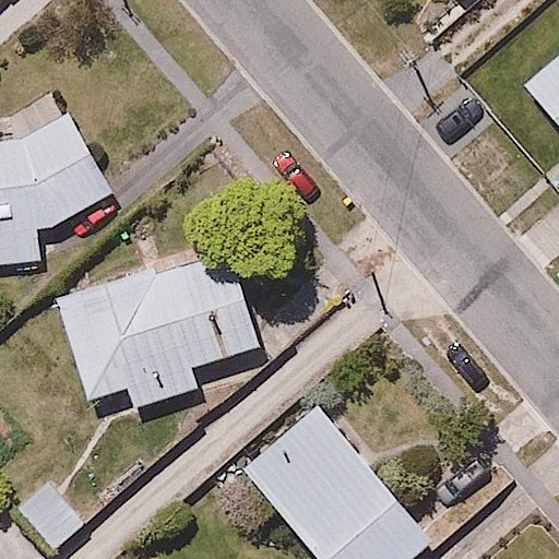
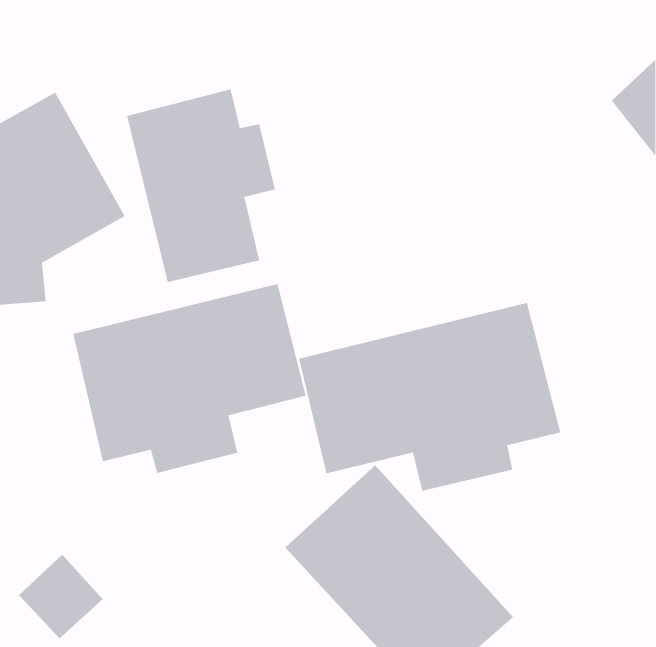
building: none -> [126,89,275,283]
building: none -> [299,302,561,492]

